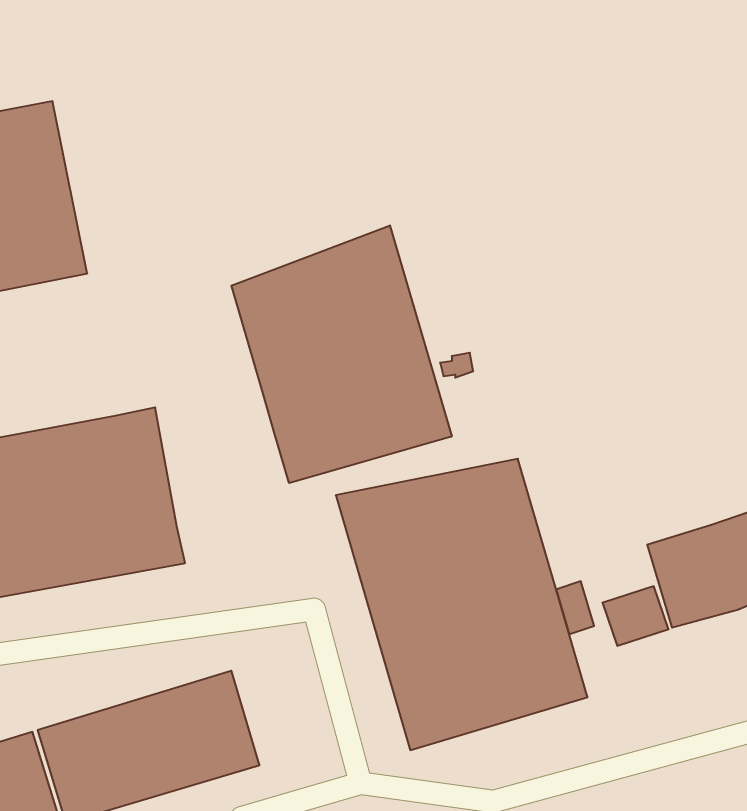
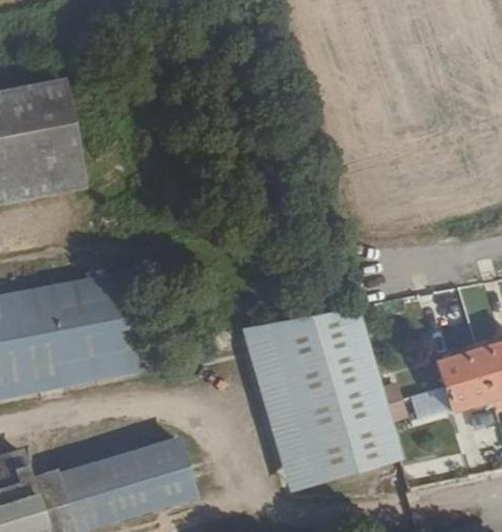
building: [231,225,452,483] -> none

